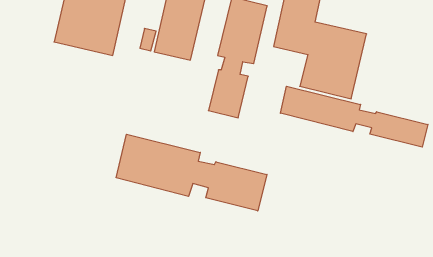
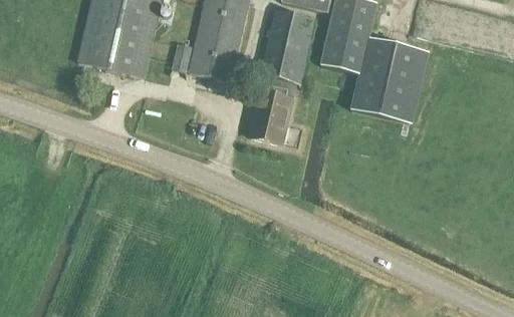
building: [280,86,428,147] -> none
building: [116,134,267,211] -> none

